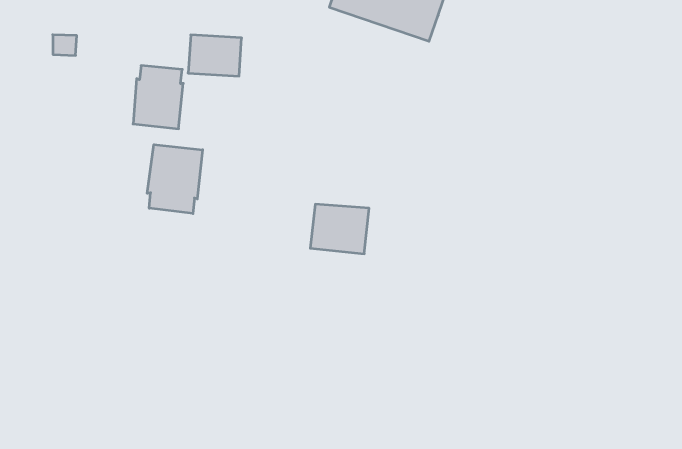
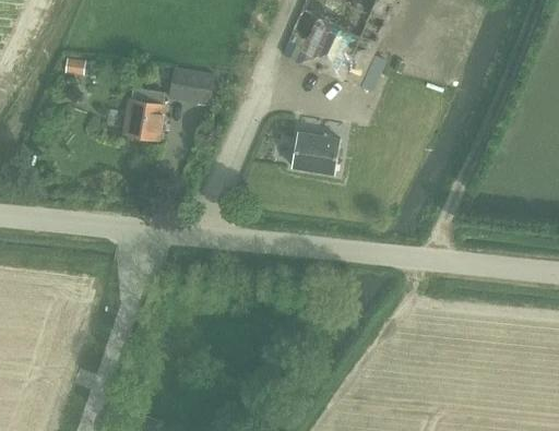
building: [147,145,203,214] -> none
building: [310,204,369,254] -> [292,133,340,175]

